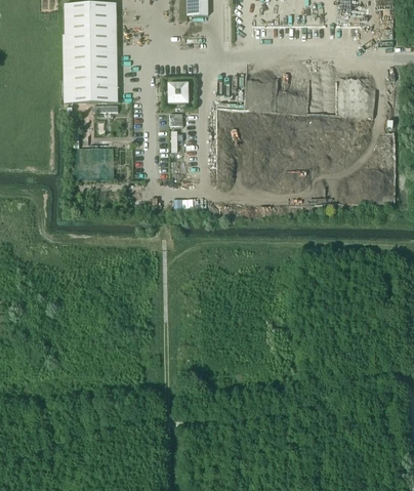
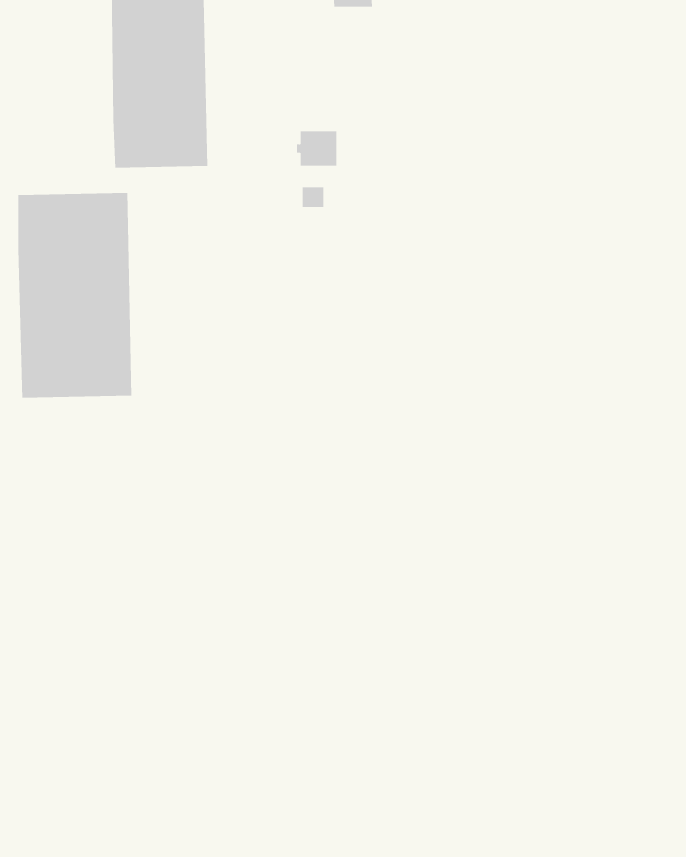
building: none -> [18,192,132,399]

